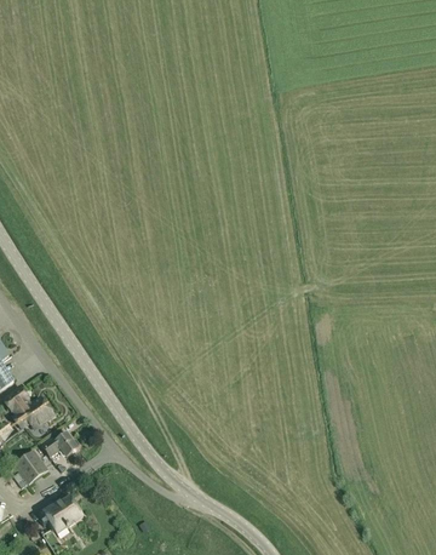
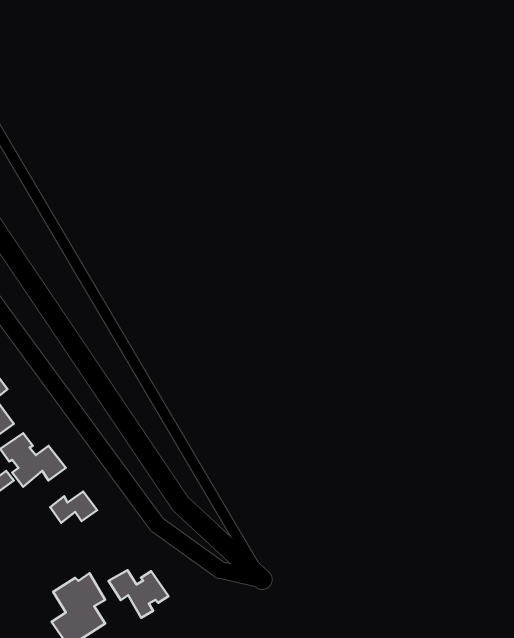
building: [12,451,46,485] -> none
building: none -> [108,570,168,618]

